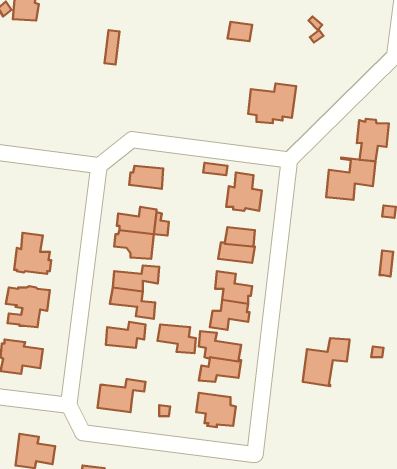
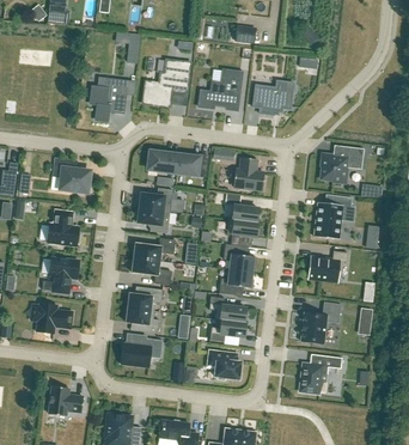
building: none -> [144,60,190,106]
building: none -> [199,68,243,110]
building: none -> [91,77,128,120]
building: [357,119,389,161] -> none
building: none -> [177,153,208,175]
building: none -> [54,158,88,191]
building: none -> [313,194,352,238]
building: none -> [309,250,348,281]
building: [157,325,196,353] -> [126,307,159,333]
building: none -> [299,354,342,392]

